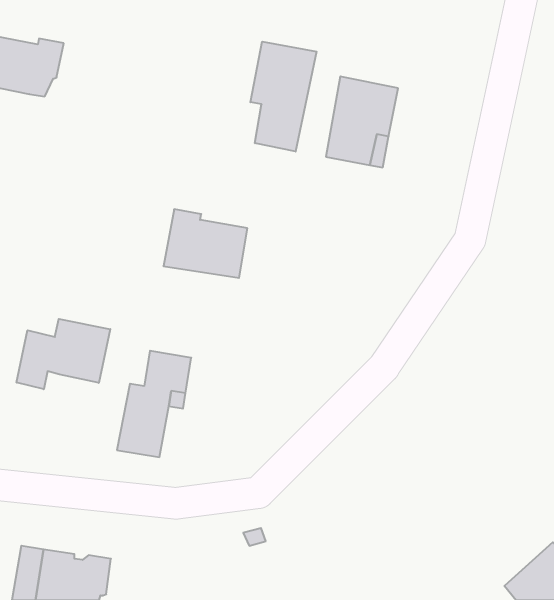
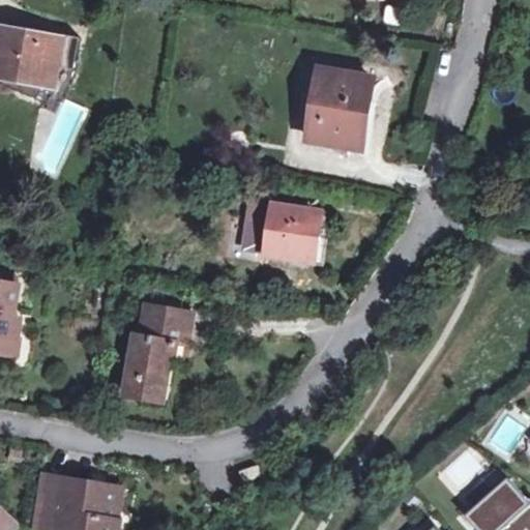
building: [250,42,317,152] -> none
building: [163,209,247,278] -> [242,198,316,258]
building: [17,319,110,389] -> none

